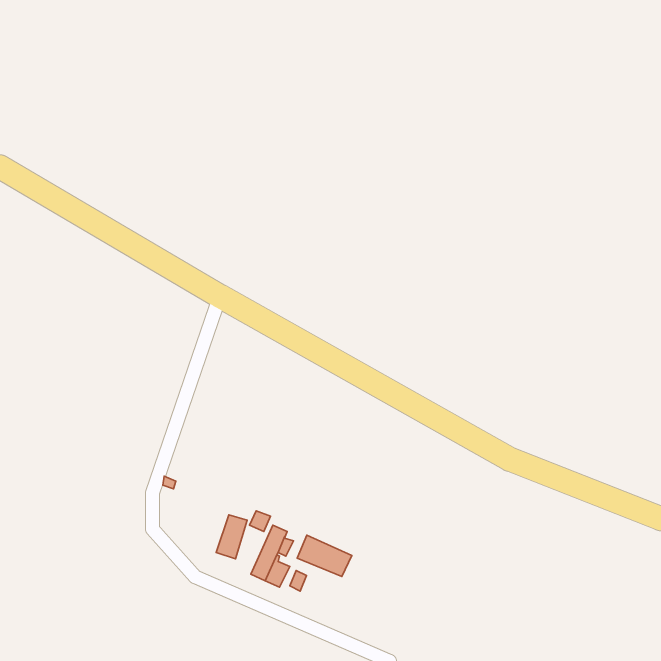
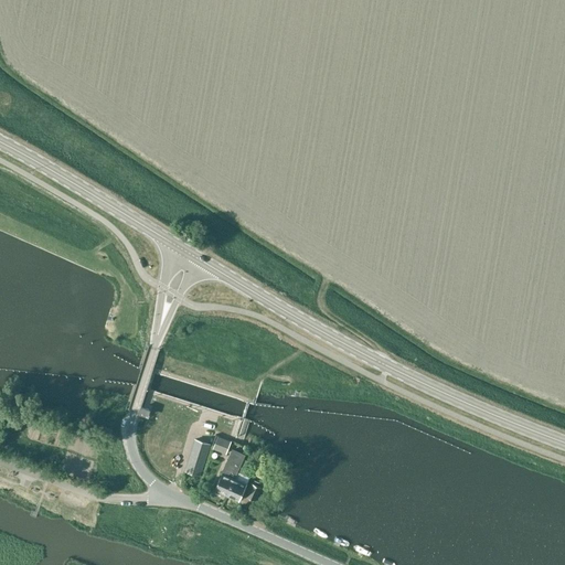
building: [297,535,352,576] -> none

